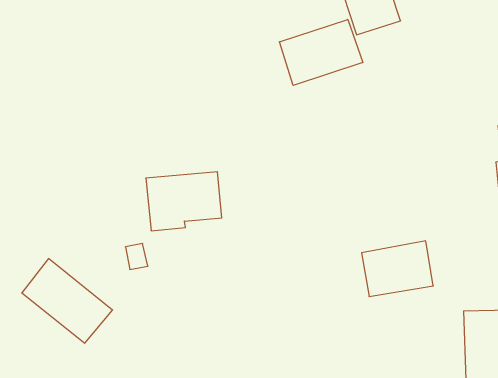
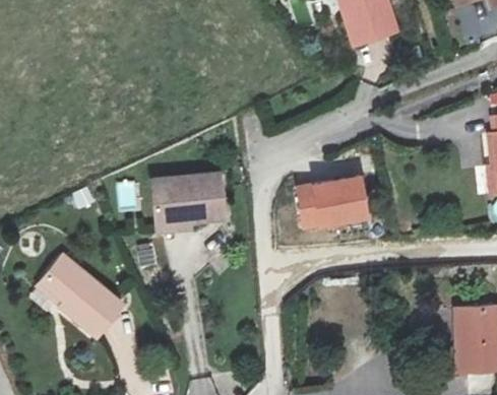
building: [279,19,363,85] -> none
building: [362,241,433,297] -> [300,176,368,228]

